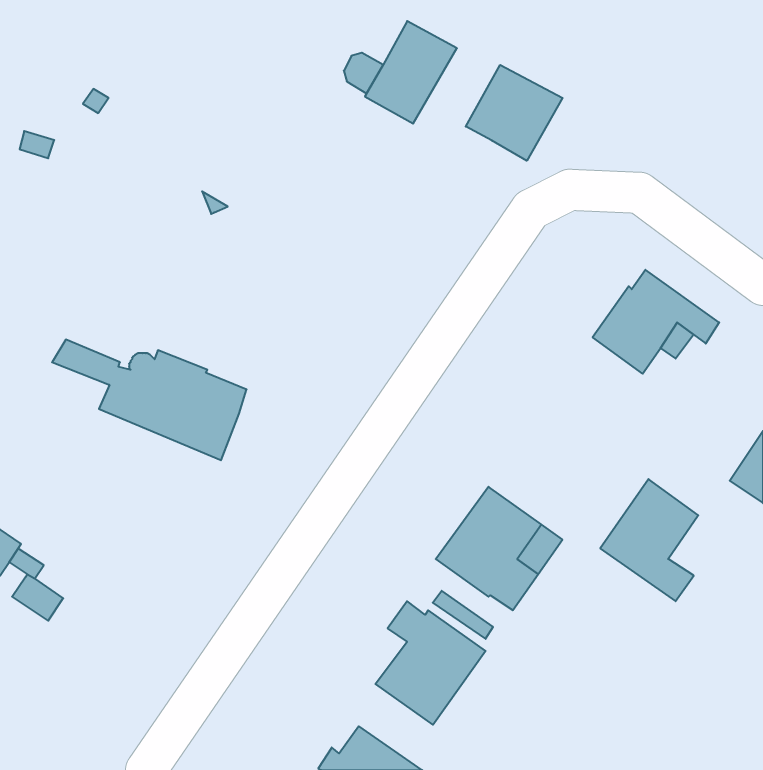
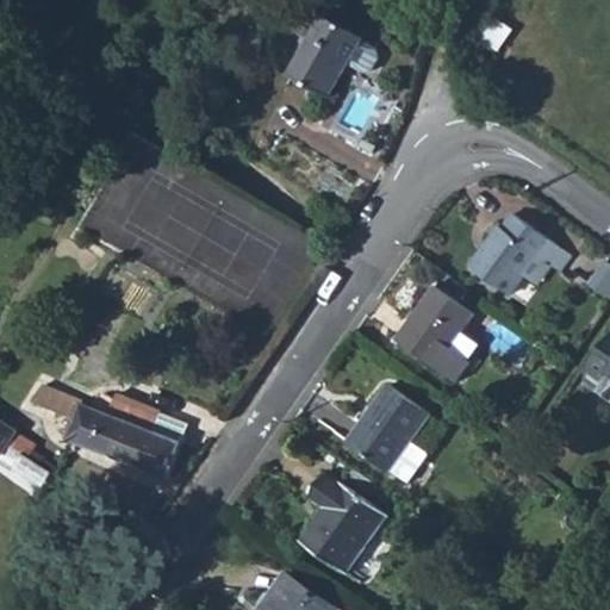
building: [466,65,563,161] -> none
building: [52,340,247,460] -> [31,385,185,480]
building: [600,479,698,601] -> [394,286,472,382]

